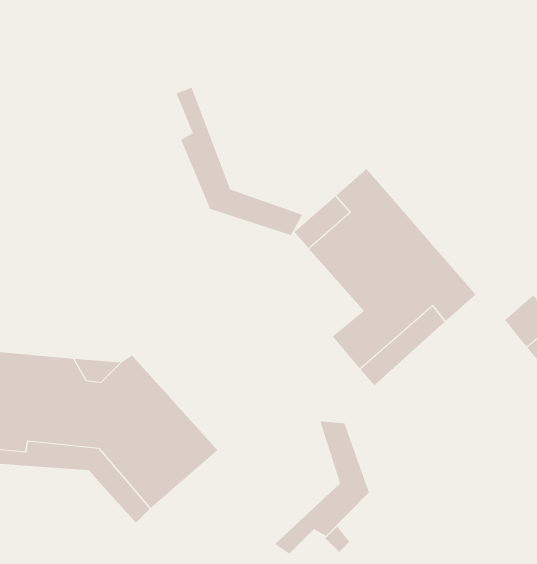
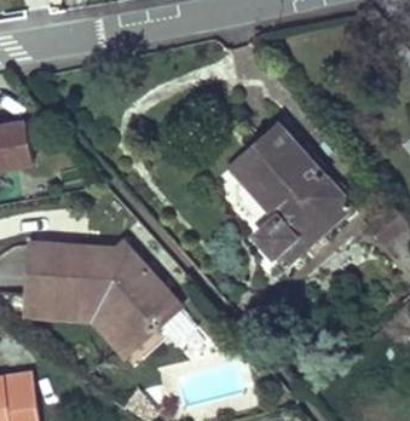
building: [176,87,303,236] -> none
building: [274,421,369,554] -> none

